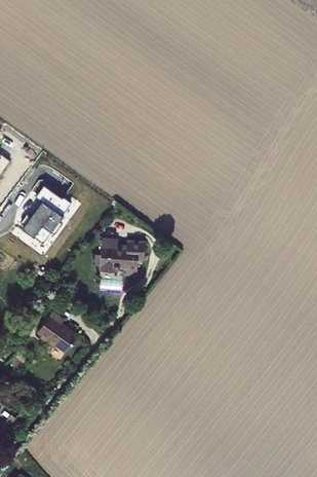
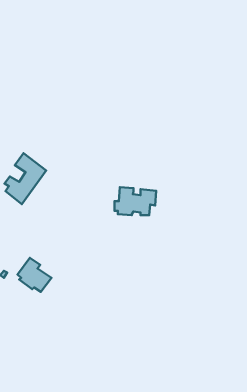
building: [95,240,145,272] -> [115,187,156,215]

